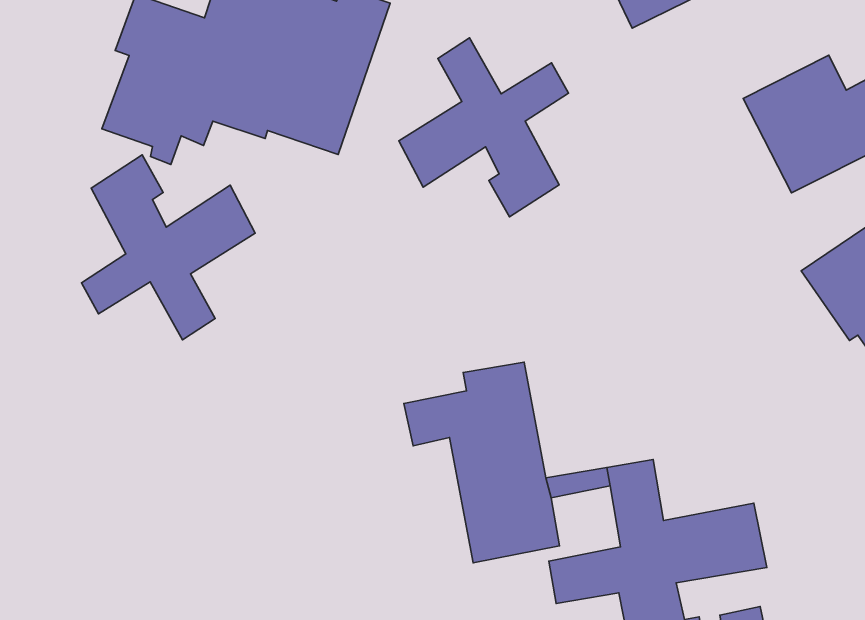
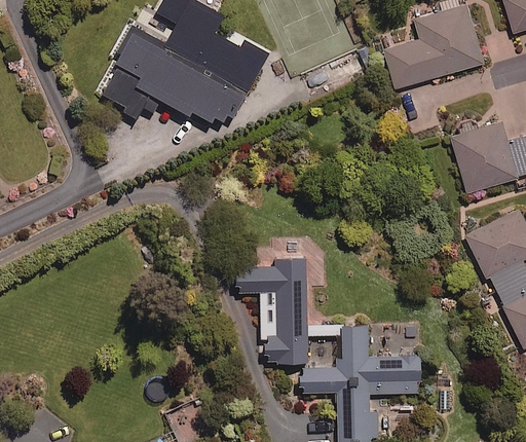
building: [399,38,568,217] -> none
building: [81,155,255,340] -> none

